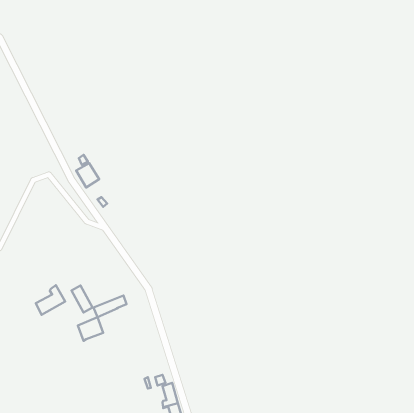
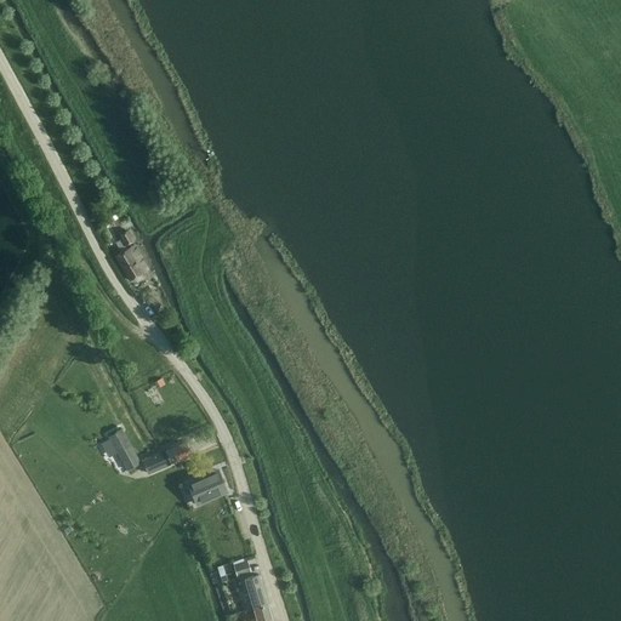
building: [36,285,65,315] -> none
building: [78,317,103,341] -> [187,472,224,507]

